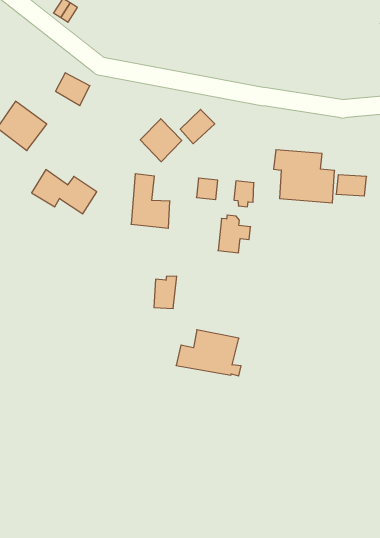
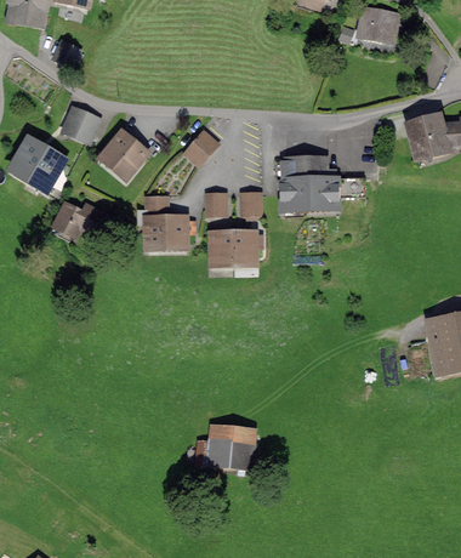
building: [140,119,182,162] -> [104,136,143,176]
building: [154,276,177,308] -> [214,232,233,263]
building: [176,330,241,376] -> [198,427,258,466]

